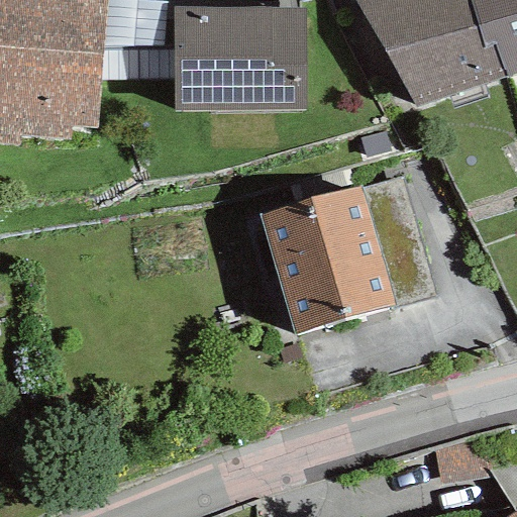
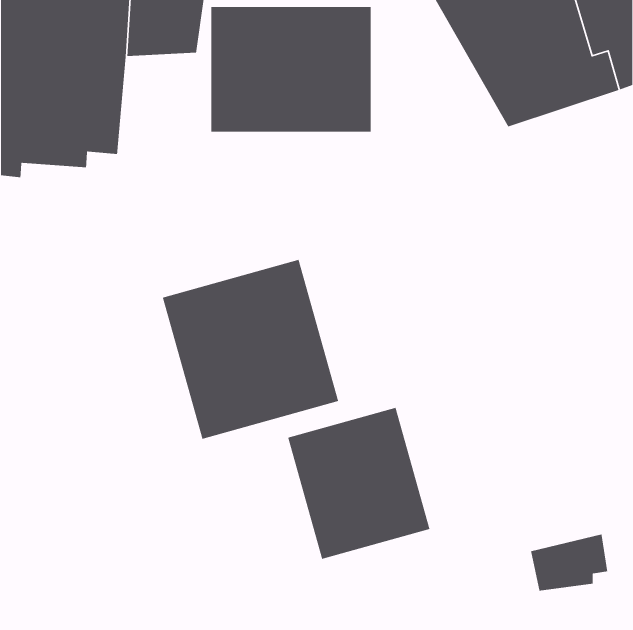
building: [257,175,434,333] -> none
building: none -> [162,259,339,440]
building: none -> [287,407,430,560]

